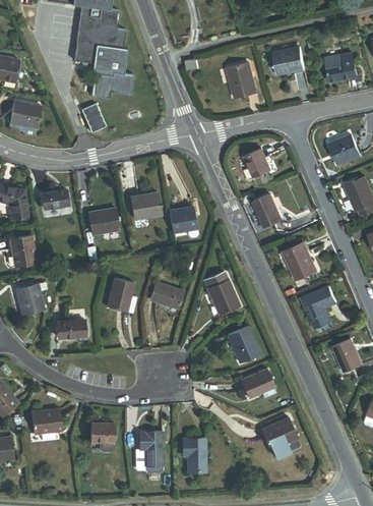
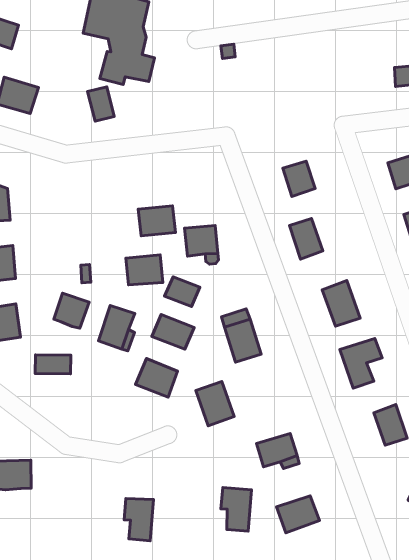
building: [273,48,305,74] -> none
building: [227,63,256,99] -> none
building: [41,189,69,210] -> none
building: [87,208,119,234] -> [126,255,163,285]
building: none -> [165,277,200,307]
building: none -> [54,293,89,328]
building: none -> [135,359,178,397]
building: [228,326,260,362] -> [196,381,234,426]
building: [91,424,115,443] -> none
building: [182,439,205,472] -> [221,487,252,531]

